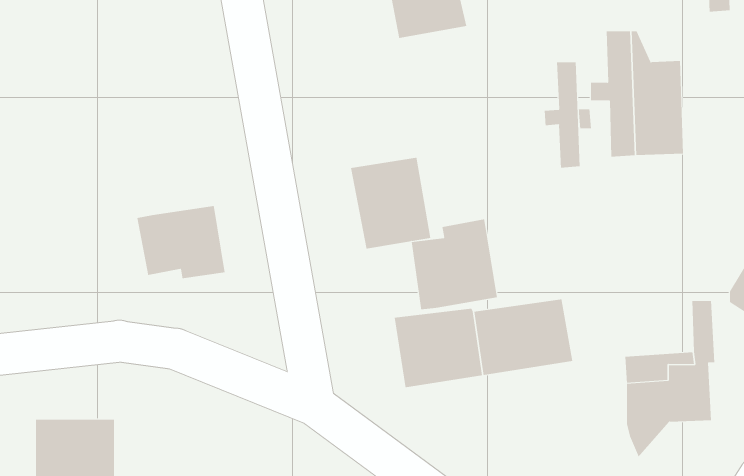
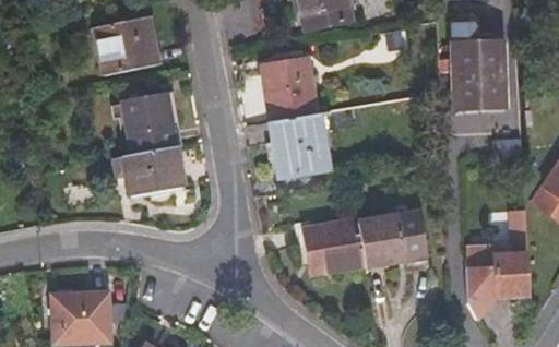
building: none -> [98,15,165,75]
building: [544,62,580,168] -> none
building: none -> [264,57,319,120]
building: none -> [123,91,177,153]
building: [411,219,497,310] -> none

